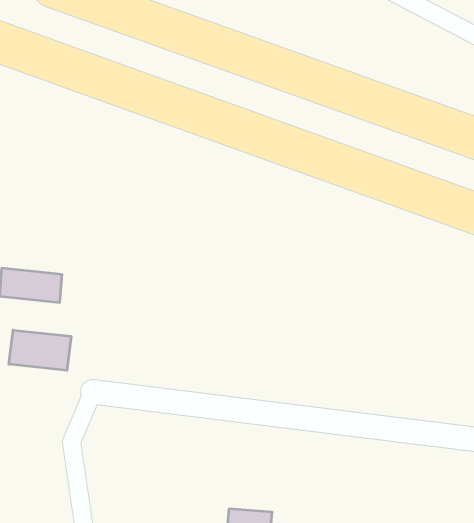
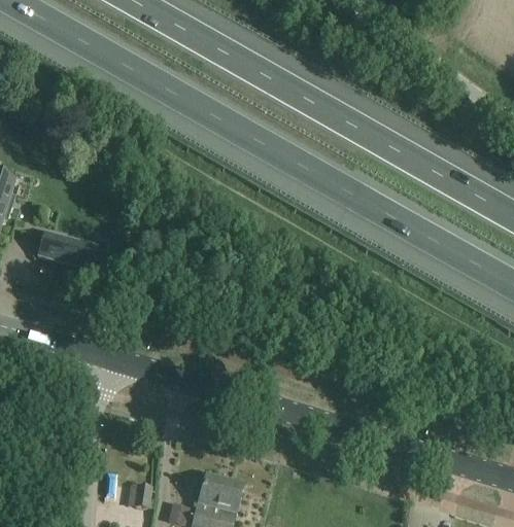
building: [9,330,71,370] -> none

